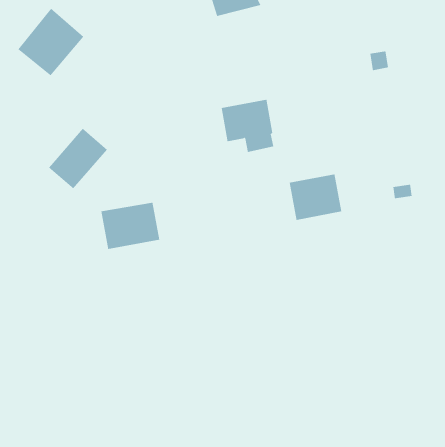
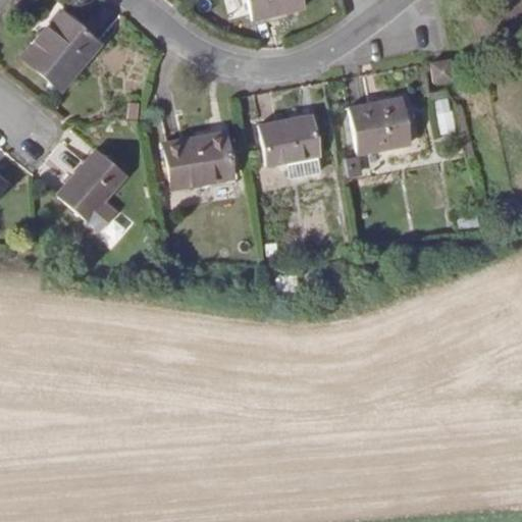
building: [289,174,342,220] -> [351,98,413,152]
building: [100,202,160,250] -> [165,133,234,188]

